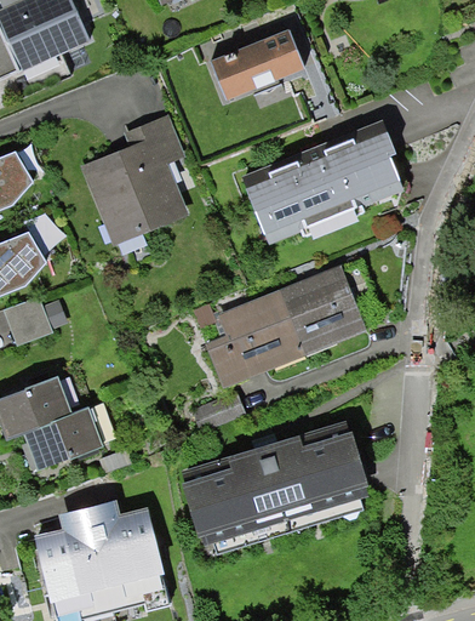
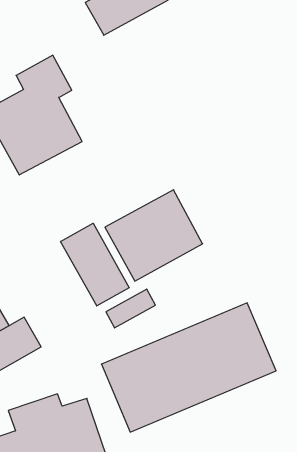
building: [244,126,413,241] -> none
building: [285,263,368,351] -> none
building: none -> [61,223,129,306]

